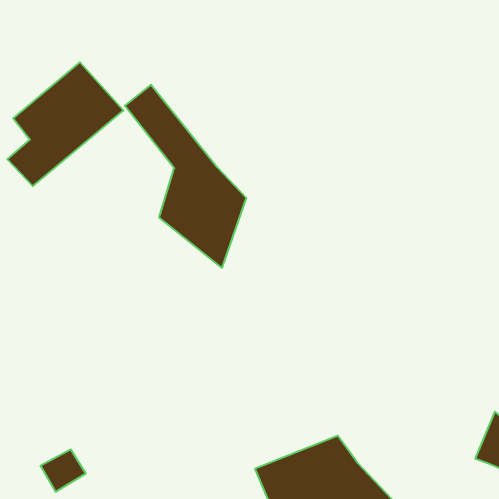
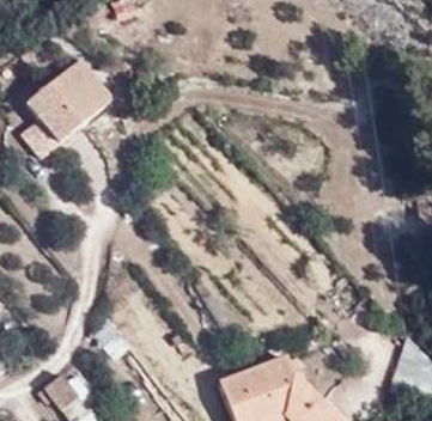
building: [125,85,246,268] -> none

